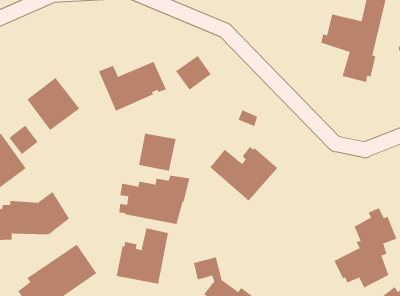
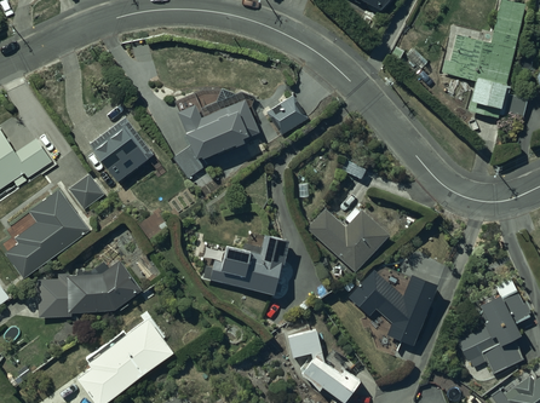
building: [139,133,176,172] -> none
building: none -> [349,266,437,342]
building: [116,228,169,284] -> none

